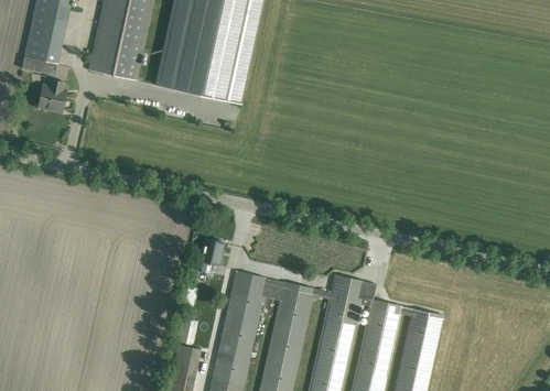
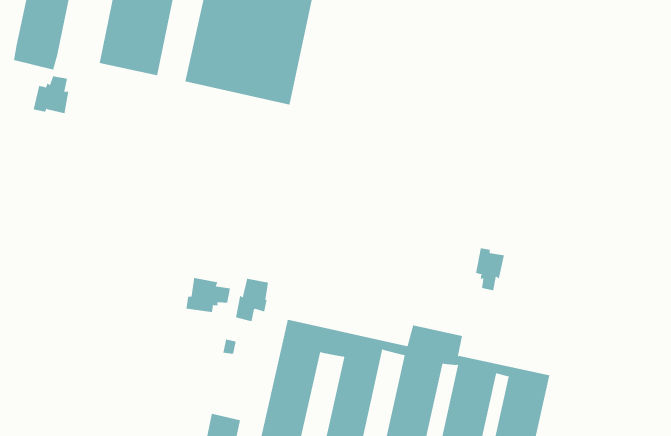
building: none -> [475,248,504,291]
building: none -> [186,277,231,313]

